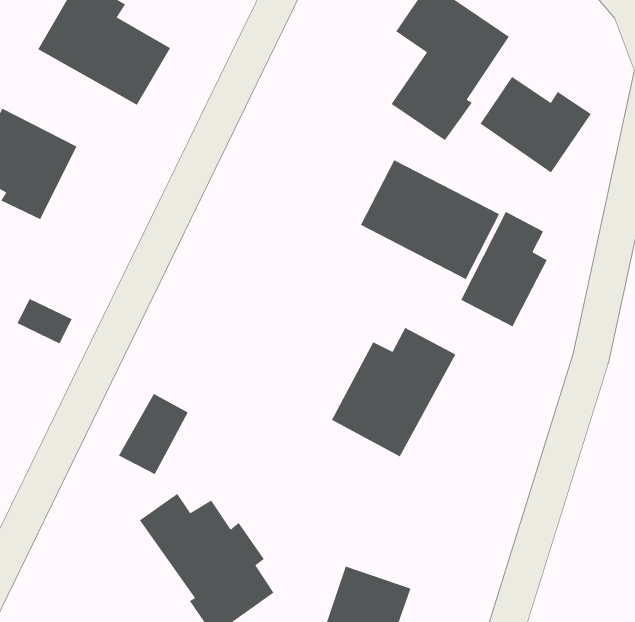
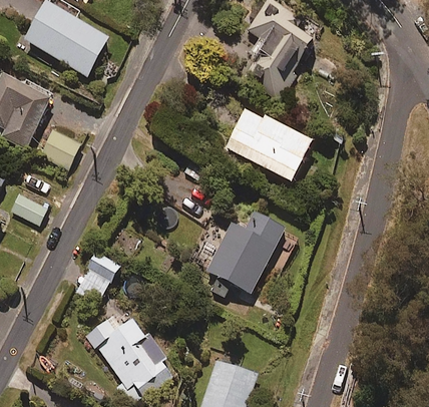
building: [480,76,592,174] -> none
building: none -> [40,130,79,167]
building: [460,211,548,327] -> none

